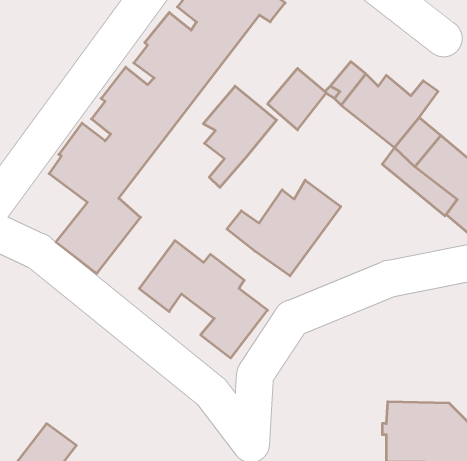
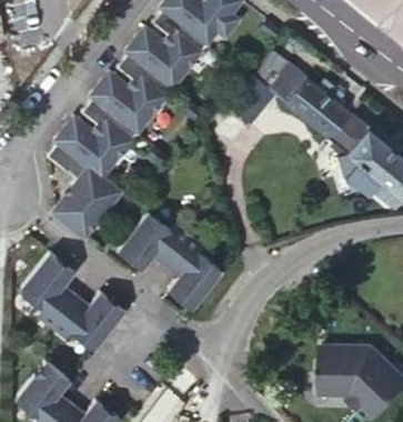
building: [203,86,277,187] -> none
building: [227,180,341,276] -> none
building: none -> [21,253,125,350]

